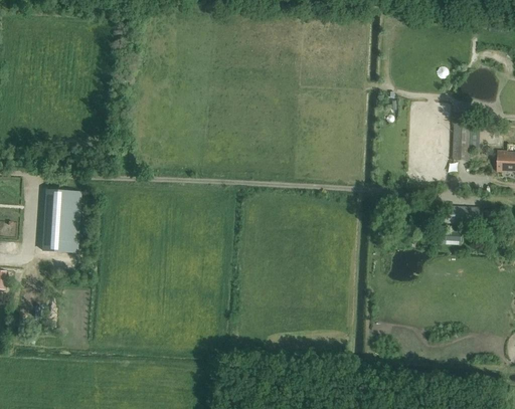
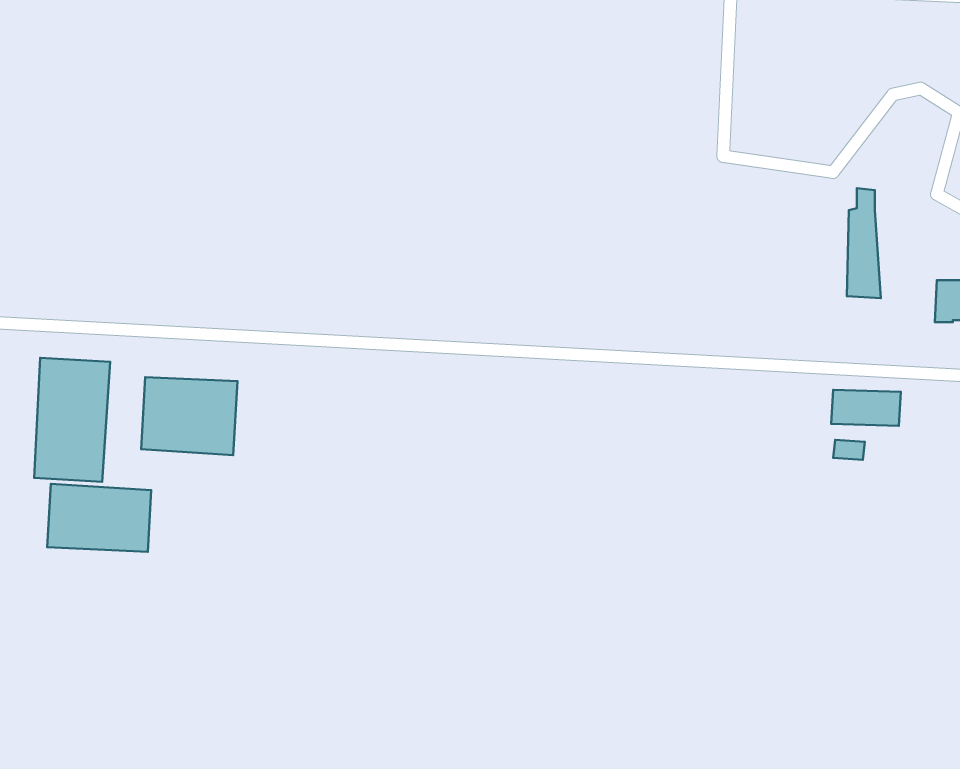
building: none -> [141,377,237,455]
building: none -> [47,484,151,552]

